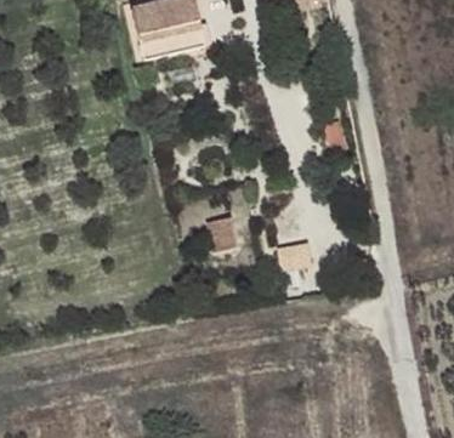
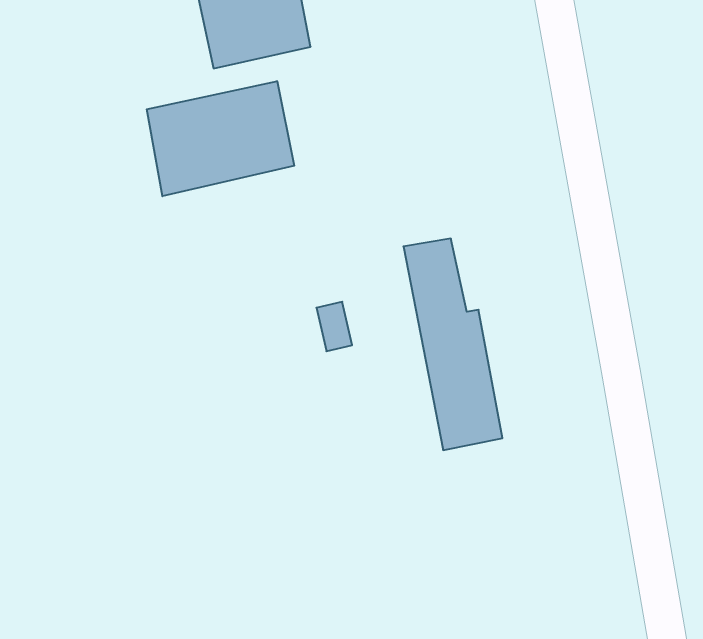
building: none -> [147,81,294,196]

